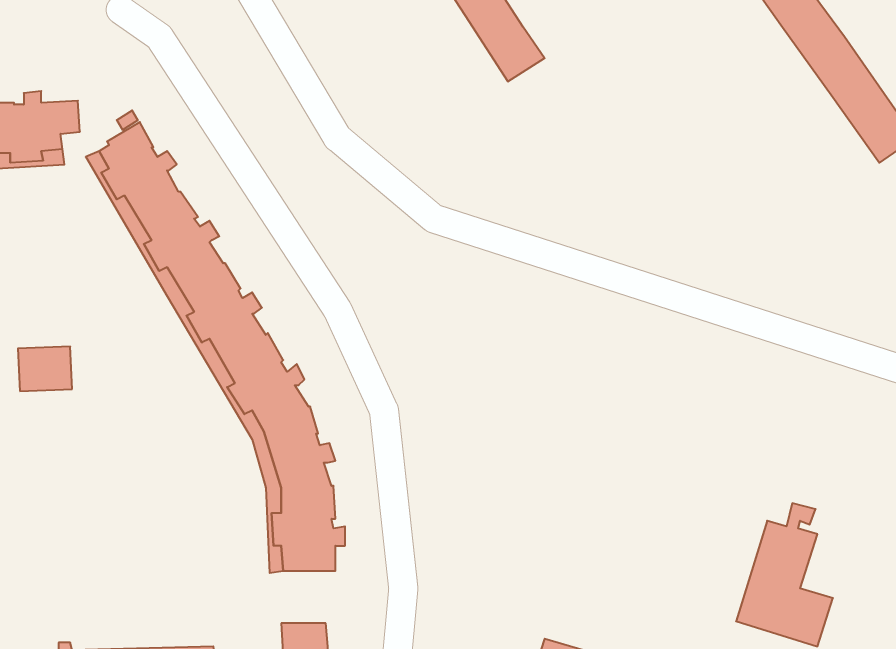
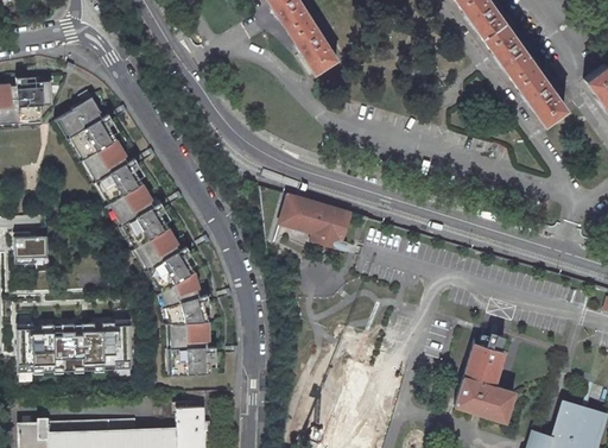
building: none -> [280,195,352,252]
building: none -> [18,320,133,372]

